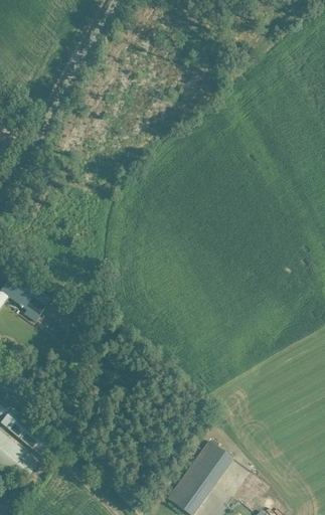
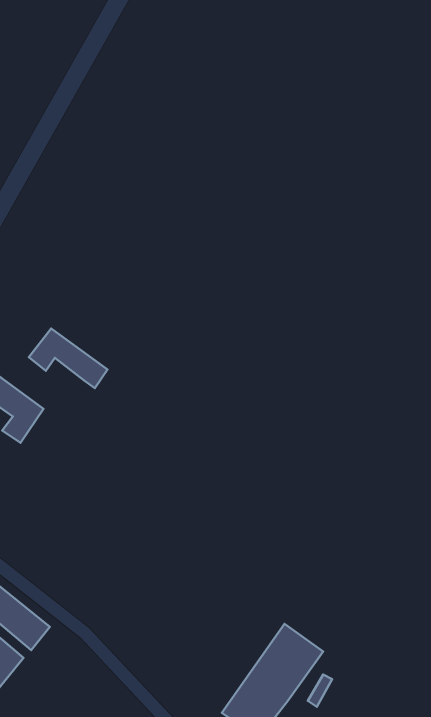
building: none -> [29,329,107,388]

